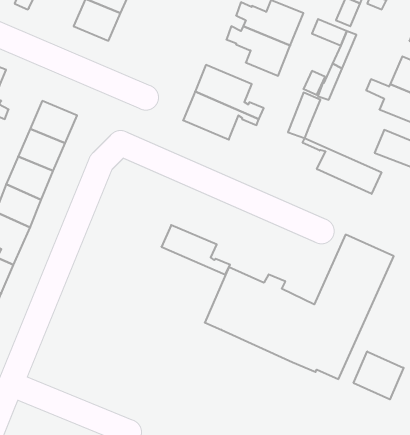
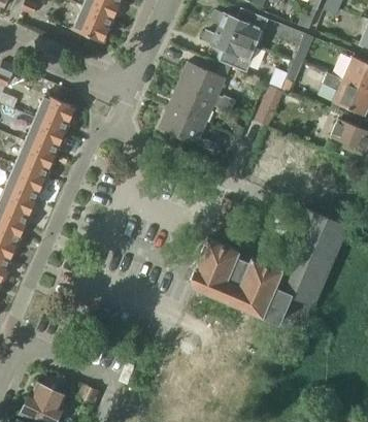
building: [303,138,381,194] -> none
building: [161,225,230,274] -> [158,110,216,153]
building: [354,351,404,399] -> none

